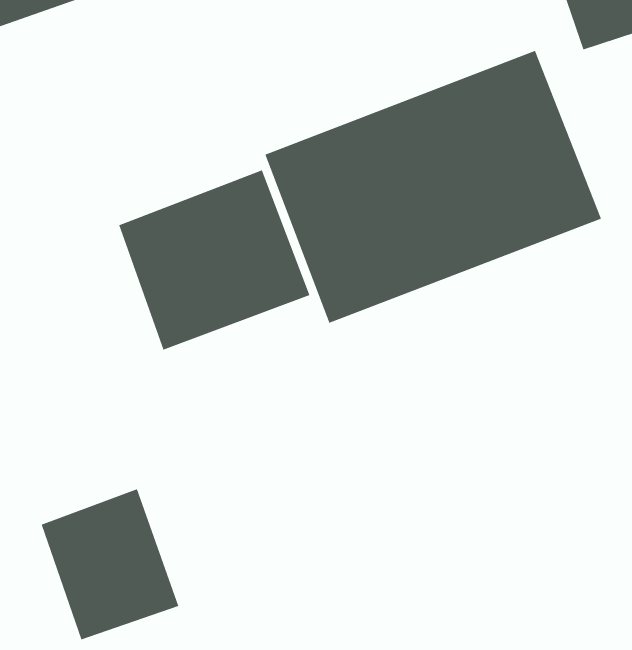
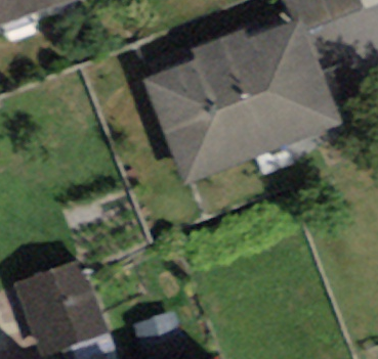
building: [119,169,310,350] -> none

